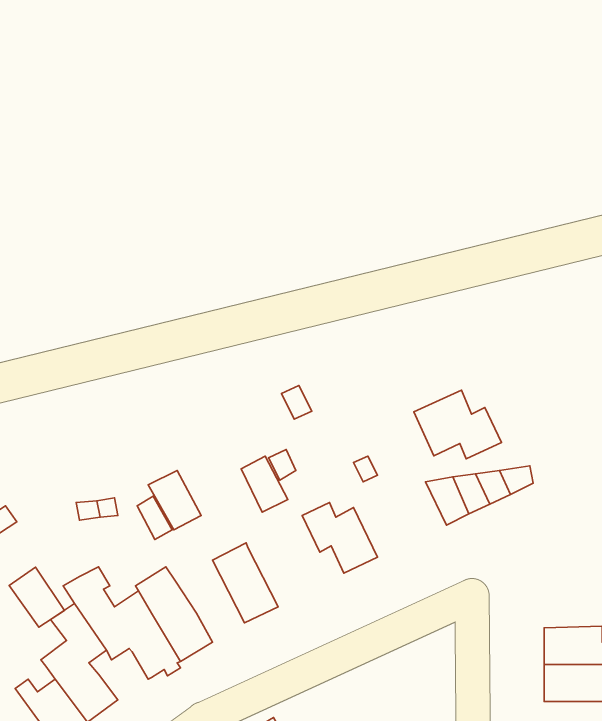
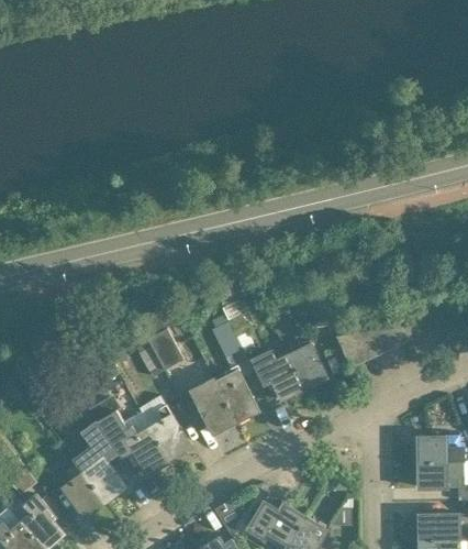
building: [414,390,501,459] -> none
building: none -> [287,343,326,388]
building: none -> [214,367,257,422]
building: [9,567,64,627] -> none

